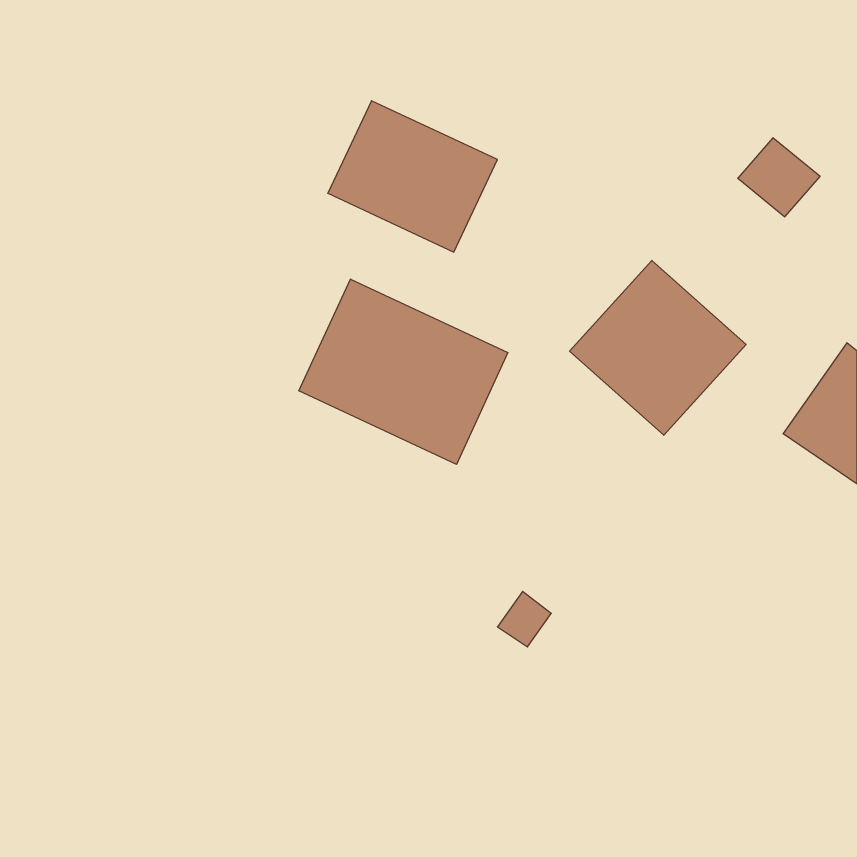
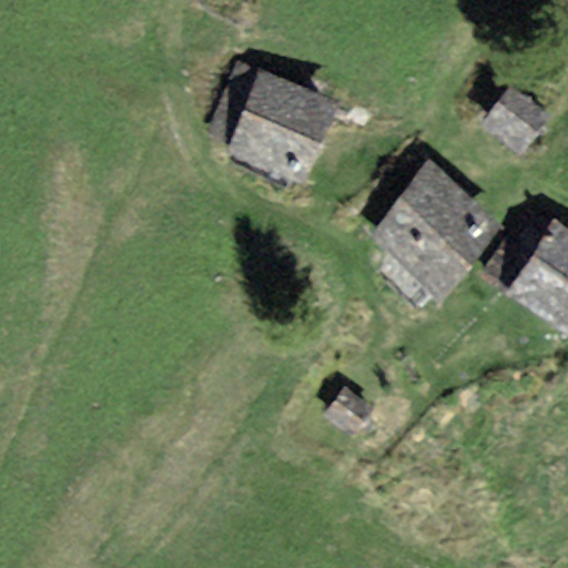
building: [299,279,508,464] -> none

